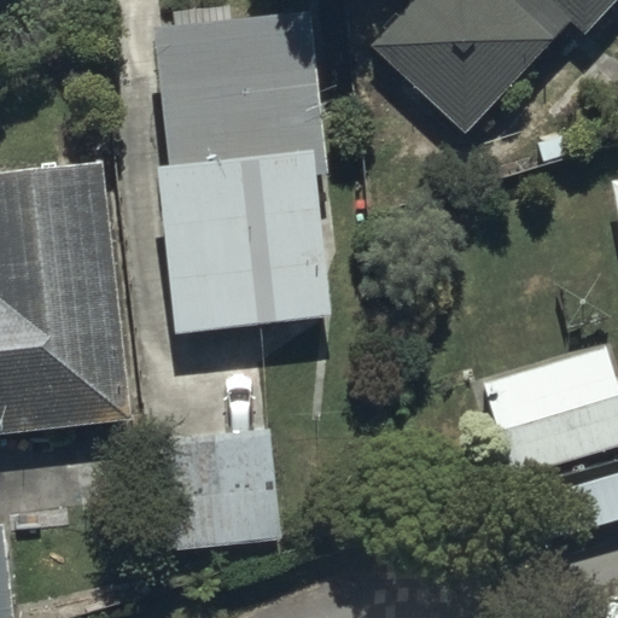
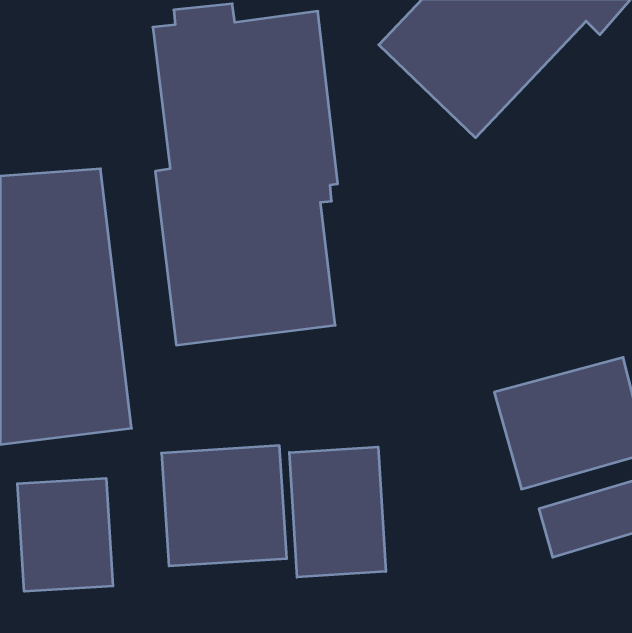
building: none -> [289,447,386,577]
building: none -> [17,478,113,591]

